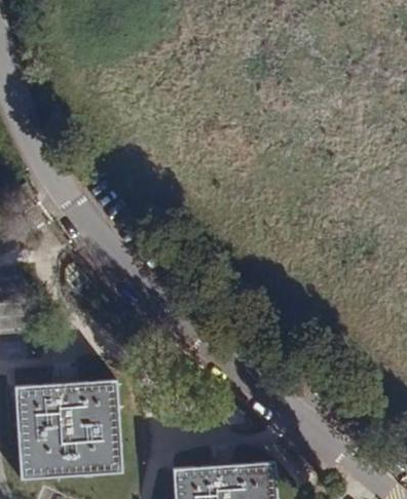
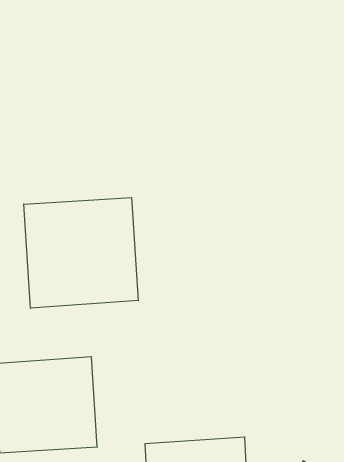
building: none -> [24,198,138,308]

